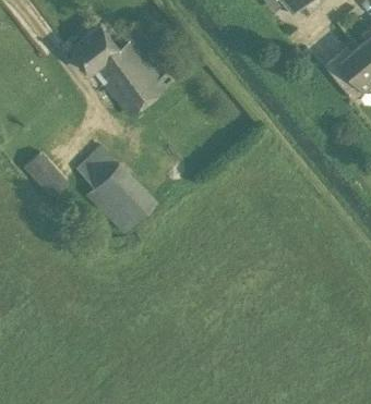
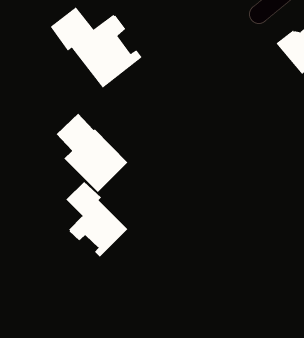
building: [24,152,69,199] -> none
building: none -> [66,181,128,257]

